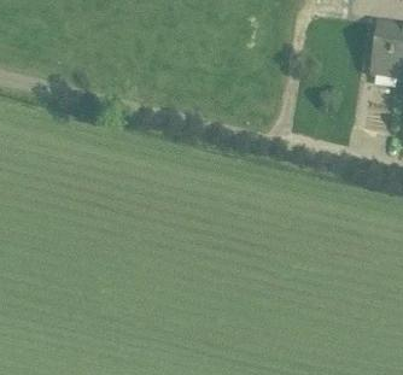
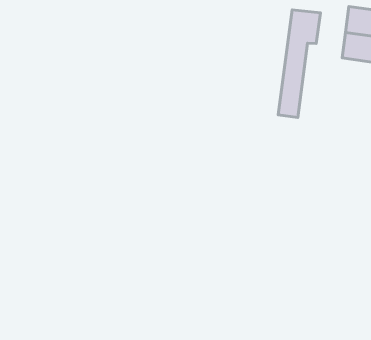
building: none -> [278,10,321,118]

